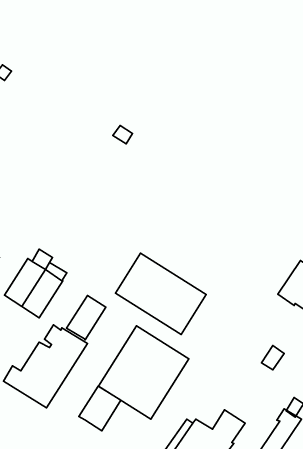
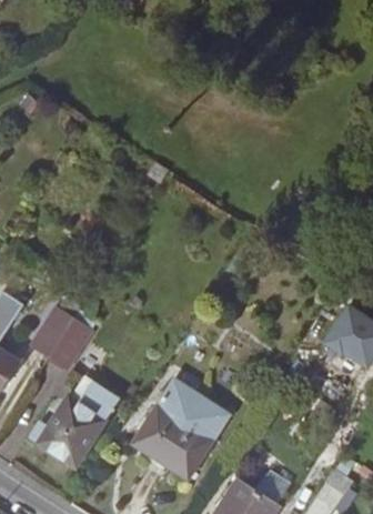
building: [115,253,206,334] -> none
building: [67,295,106,340] -> none
building: [79,386,121,431] -> none

